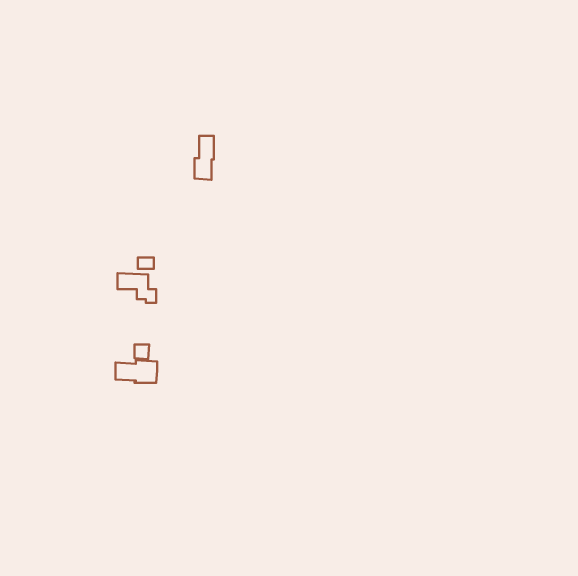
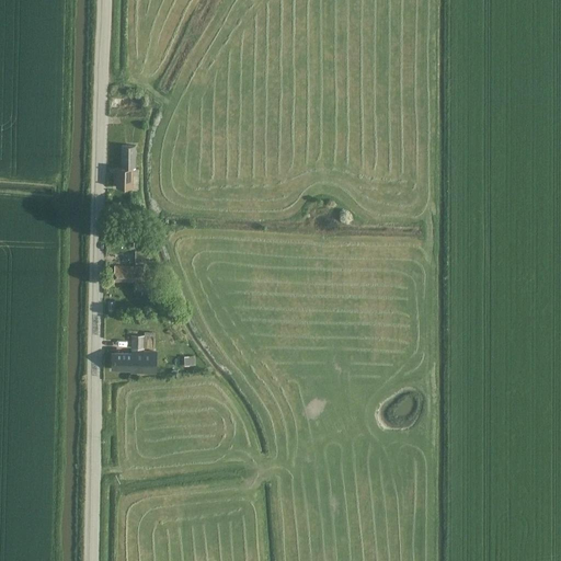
building: [195,136,214,180] -> [116,146,135,188]

